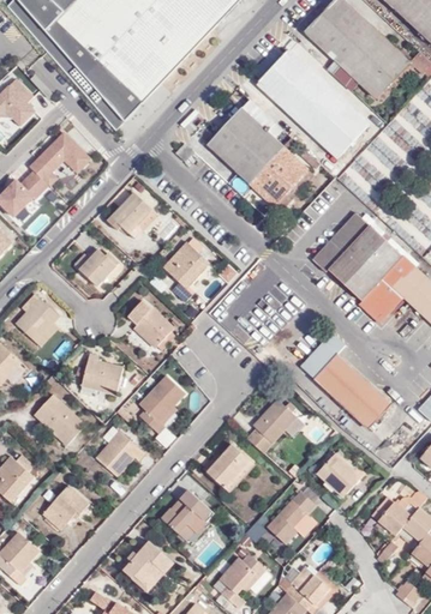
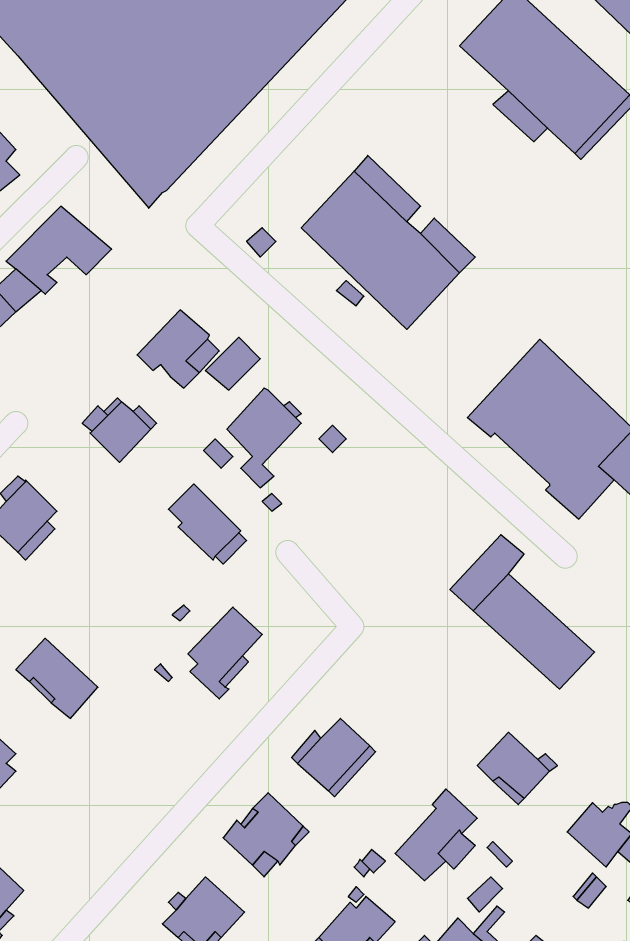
building: [258,49,370,157] -> none
building: [82,353,122,393] -> none
building: [247,399,297,451] -> none
building: [96,431,143,475] -> none
building: [42,484,90,529] -> none

